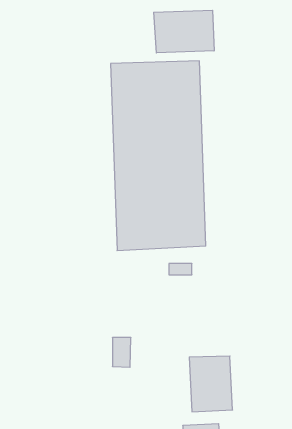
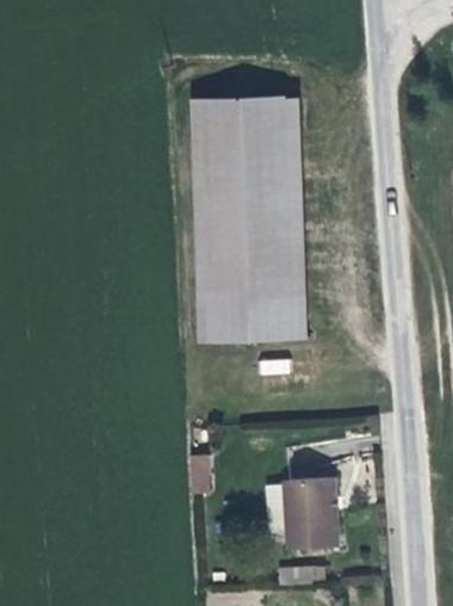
building: [154,10,214,53] -> none

